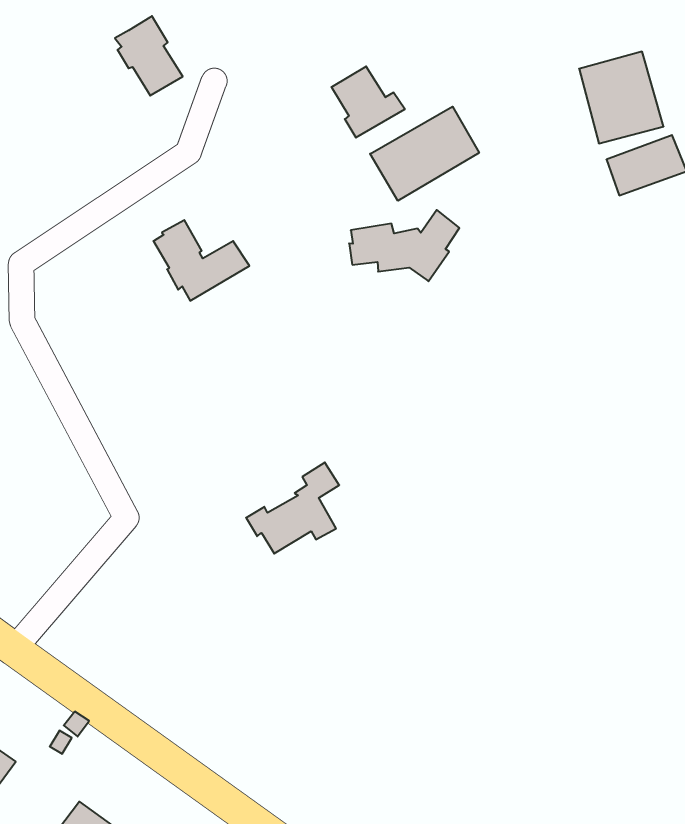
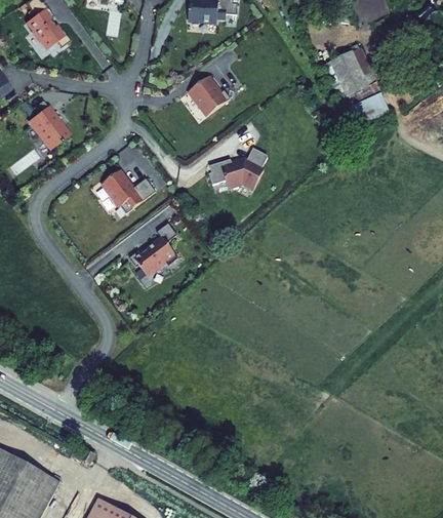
building: [115,16,183,96] -> [29,106,68,149]
building: [370,107,479,201] -> none
building: [246,462,339,554] -> [130,224,179,276]

